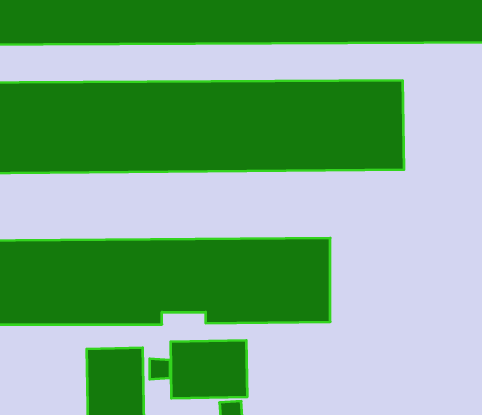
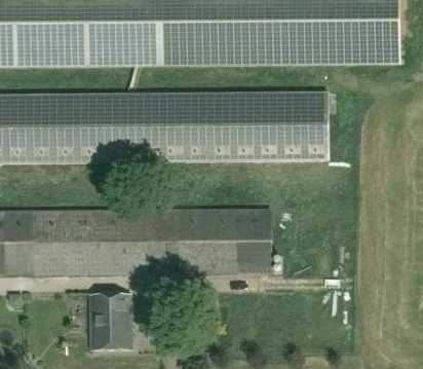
building: [171,340,247,398] -> none

